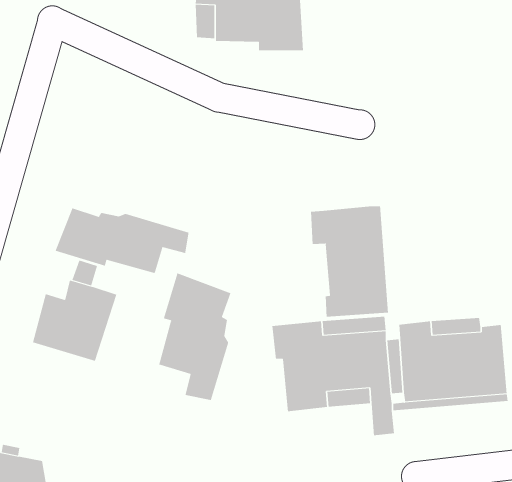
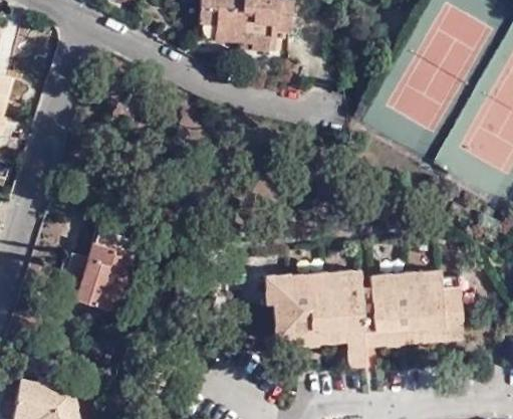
building: [311,205,388,317] -> none
building: [55,207,189,274] -> none
building: [158,272,231,401] -> none

